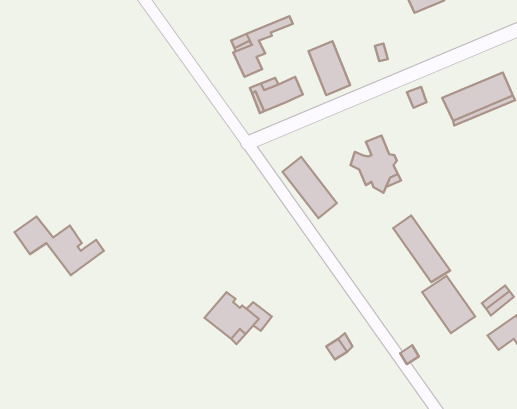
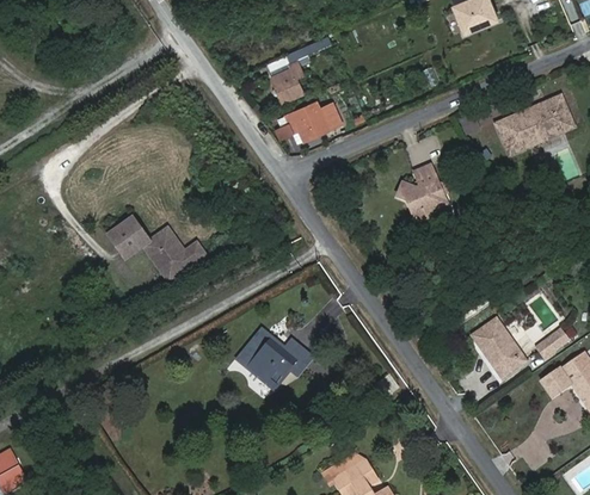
building: [309,41,350,95] -> none
building: [283,157,337,218] -> none
building: [393,216,450,282] -> none
building: [14,217,104,275] -> [105,216,202,279]

